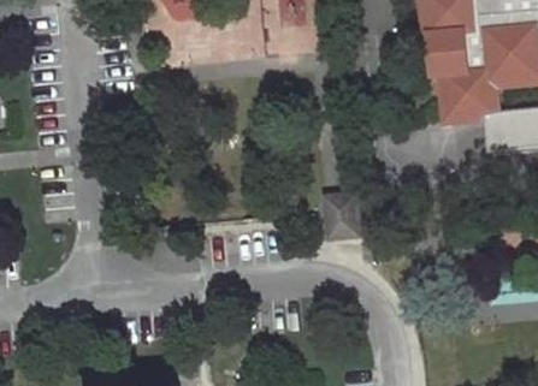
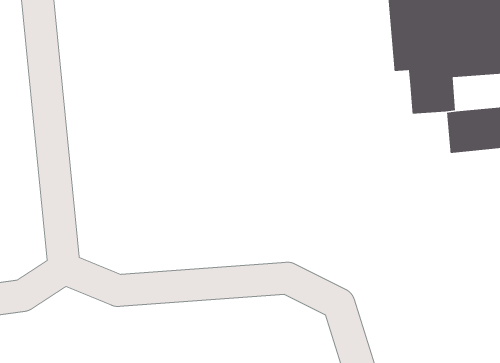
building: [323,192,357,236] -> none

